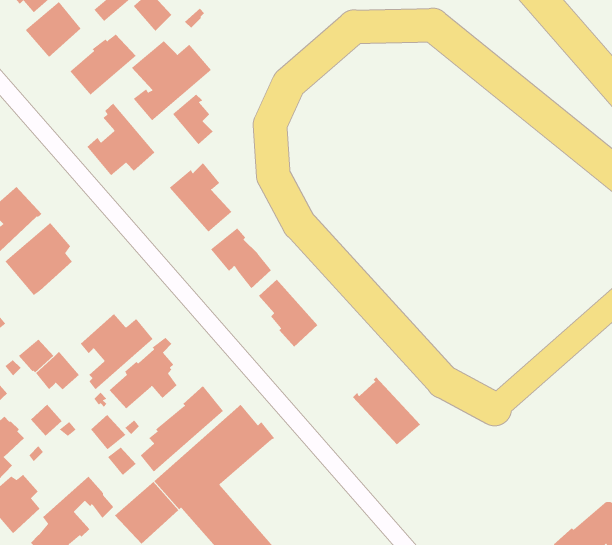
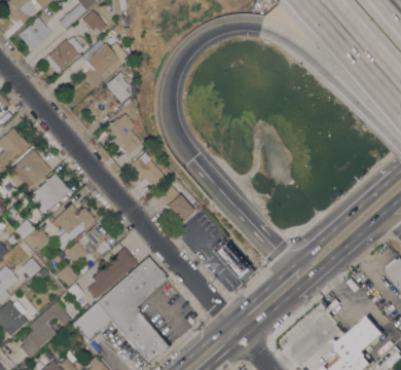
building: [87,103,155,176] -> none
building: none -> [28,173,69,210]

